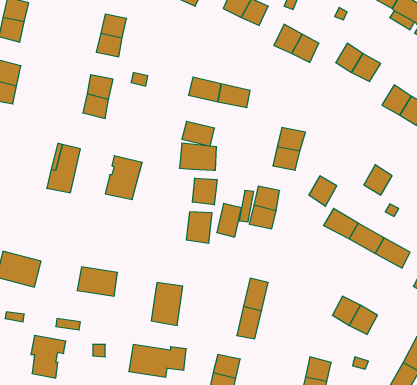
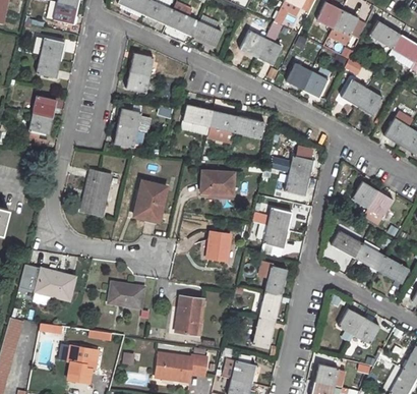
building: [182,121,215,146] -> [183,104,213,126]
building: [309,176,337,206] -> [352,180,377,208]
building: [192,178,217,205] -> none
building: [217,203,241,237] -> [264,266,287,296]

